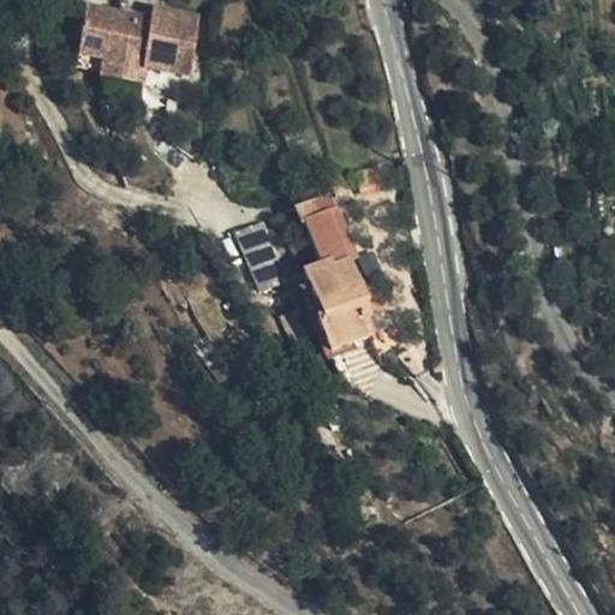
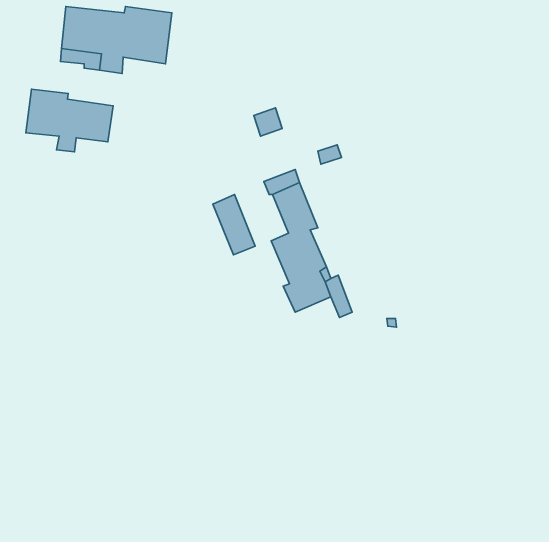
building: none -> [26,89,113,152]

